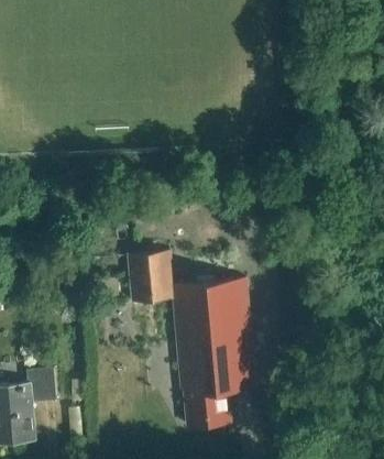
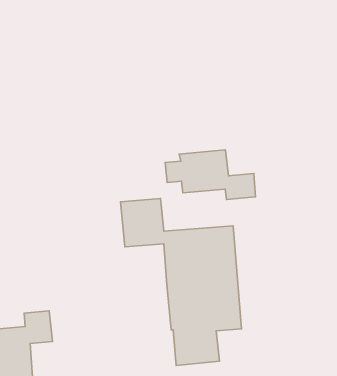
building: none -> [165,150,255,199]

